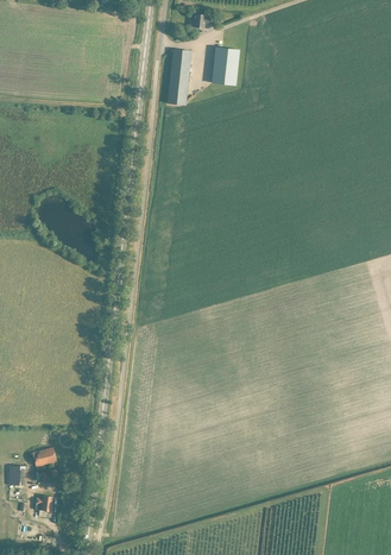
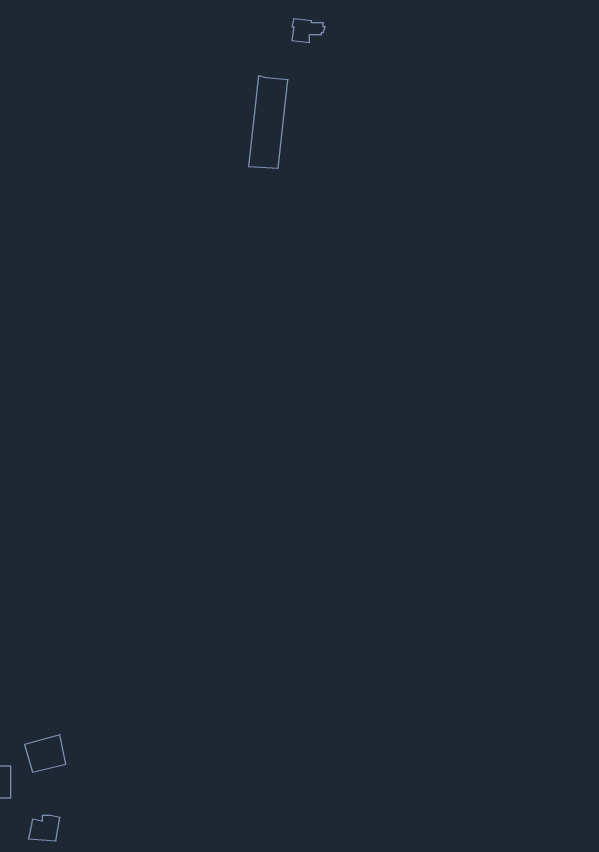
building: [212,48,239,86] -> none

